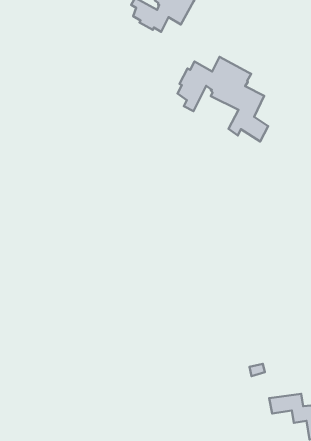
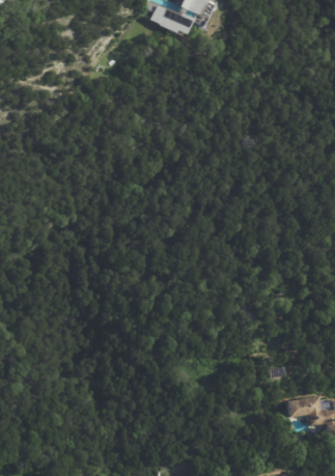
building: [178,57,268,142] -> none

